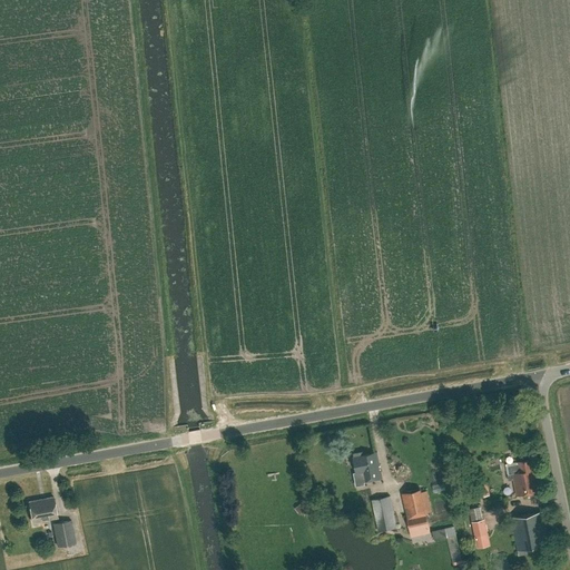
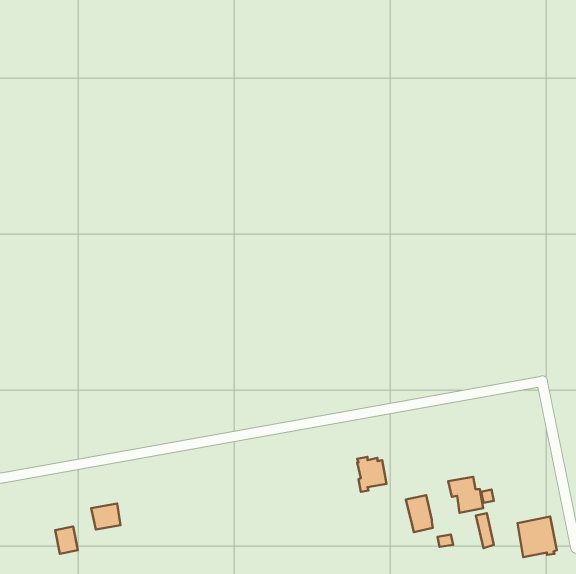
building: [505,462,540,498] -> [448,477,483,513]
building: [372,498,396,533] -> none
building: [29,499,58,524] -> [91,504,121,530]

